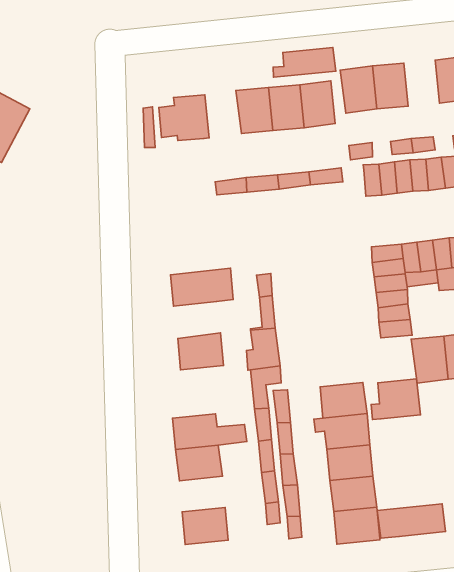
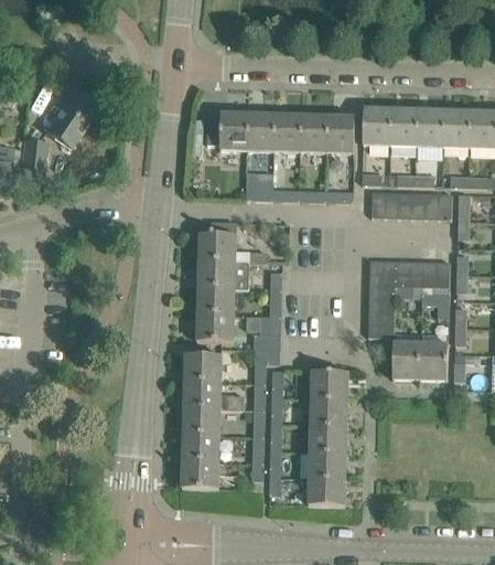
building: [273,47,336,77] -> none
building: none -> [416,109,443,147]
building: none -> [246,114,273,150]
building: none -> [198,221,266,263]
building: none -> [197,287,234,315]
building: [371,379,421,419] -> none
building: none -> [184,354,222,382]
building: none -> [182,434,219,461]
building: [377,504,446,538] -> none

